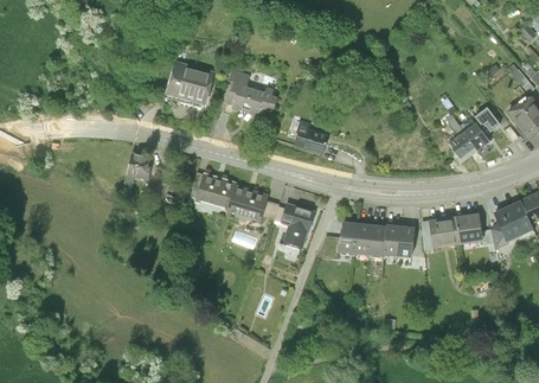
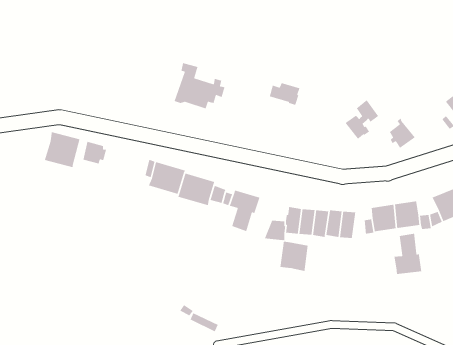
building: [166,62,212,107] -> none
building: [463,106,500,148] -> [344,99,379,140]
building: [295,127,328,152] -> [269,82,300,106]
building: none -> [44,131,81,168]
building: none -> [393,233,422,275]
building: none -> [280,241,309,272]

